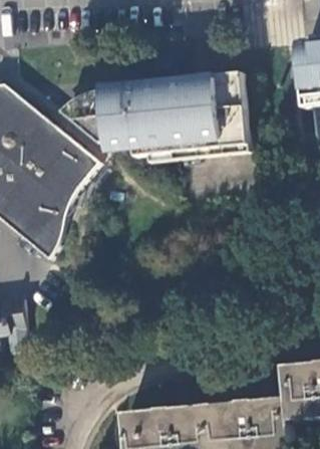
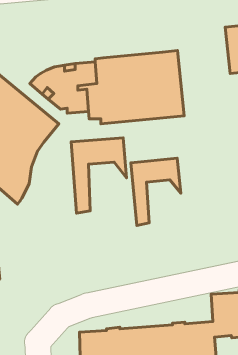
building: none -> [71,138,127,213]
building: none -> [131,158,181,225]

